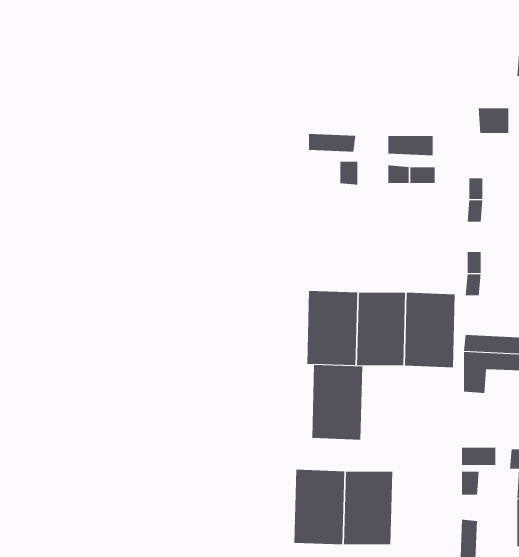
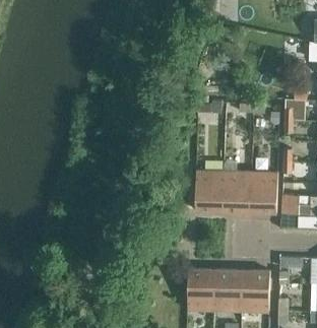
building: [311,364,363,440] -> [241,270,269,312]

